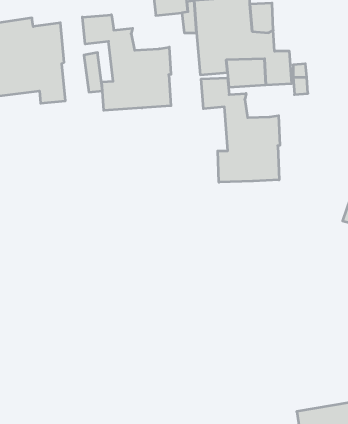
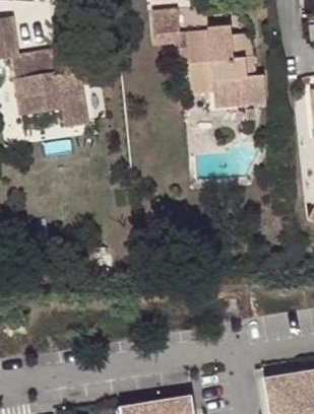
building: [82,15,171,110] -> none
building: [201,78,280,182] -> none

